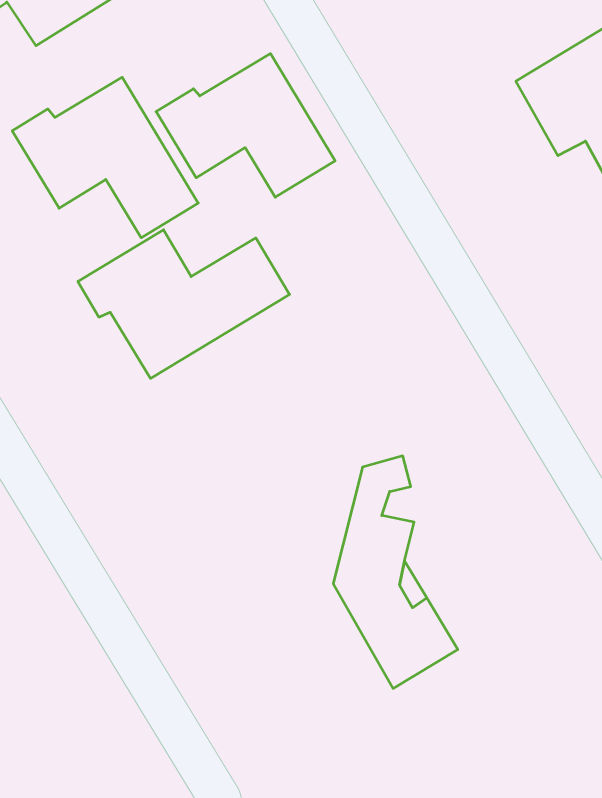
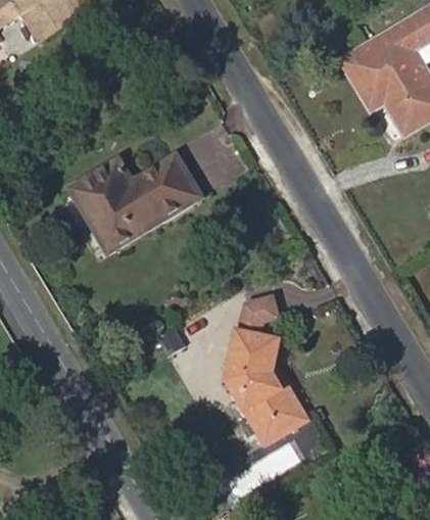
building: [156,54,335,197] -> none
building: [12,77,198,238] -> none

